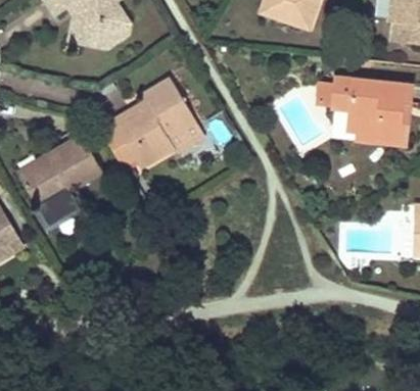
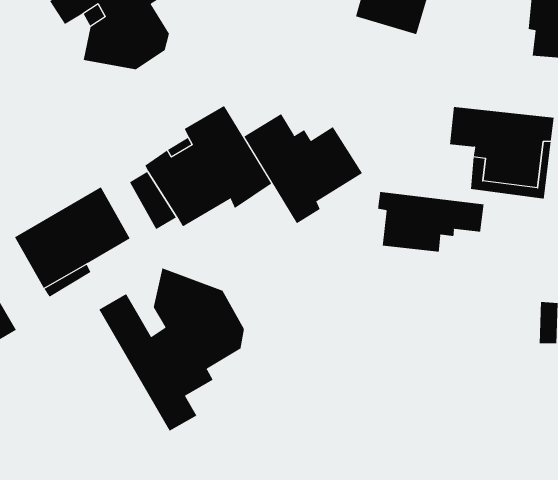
building: none -> [243,113,363,224]
building: none -> [378,191,484,252]
building: none -> [98,268,244,432]

